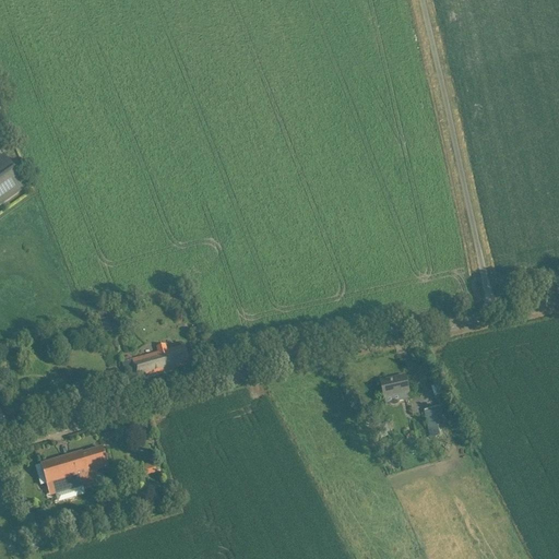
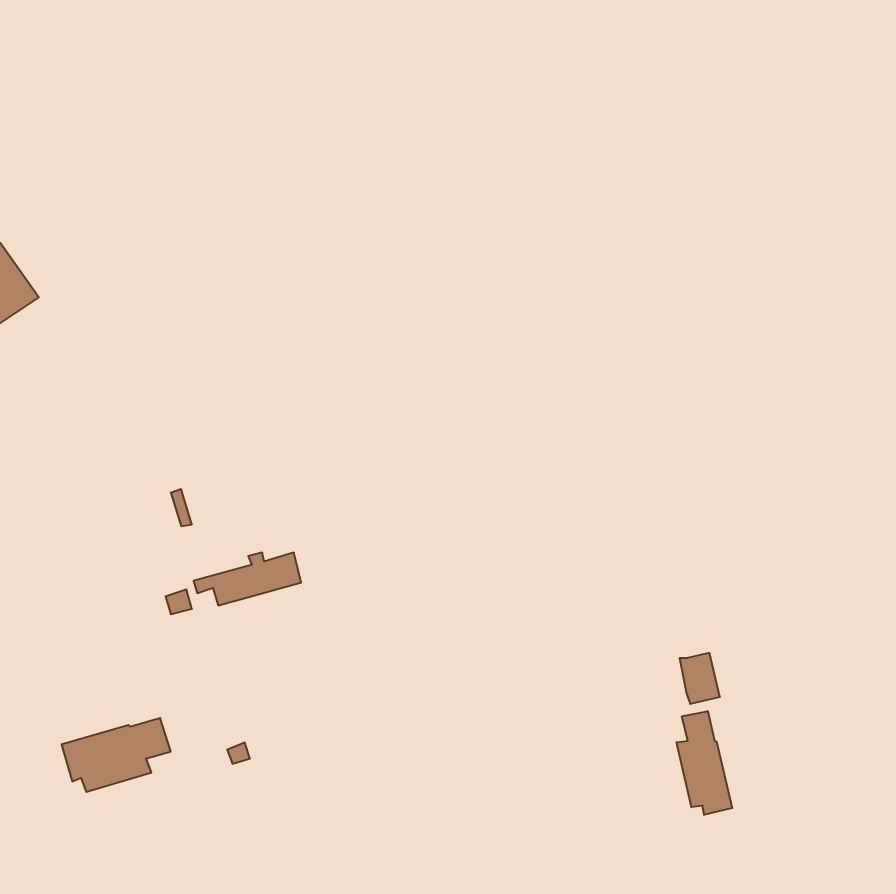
building: [379,373,406,397] -> none
building: none -> [676,711,732,815]

